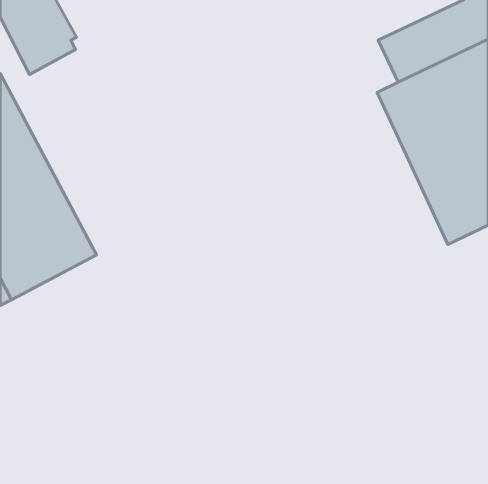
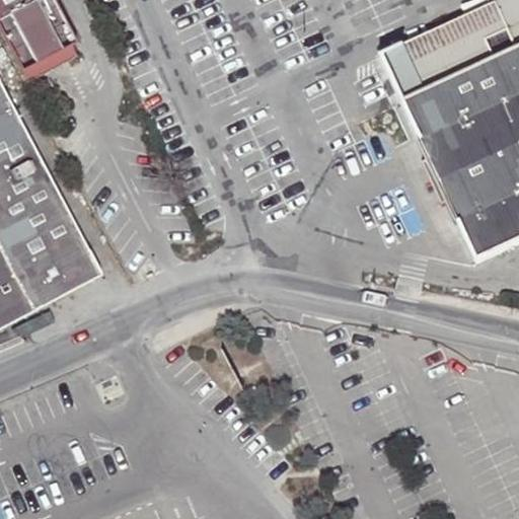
building: none -> [379,43,423,98]

